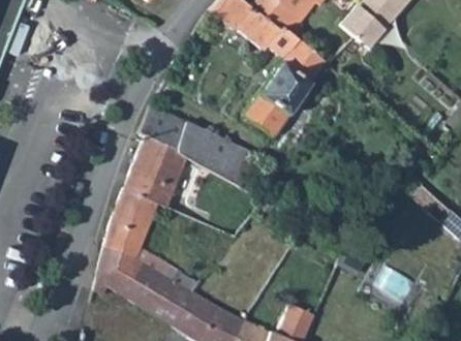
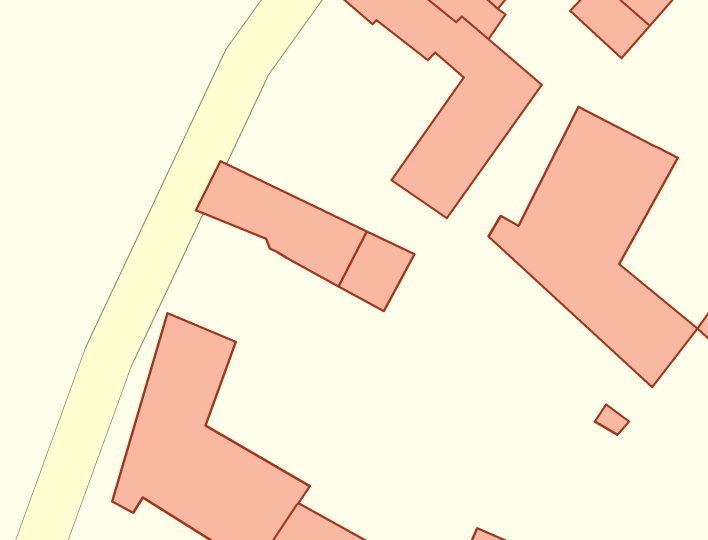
building: none -> [488,107,697,387]
building: [123,132,183,205] -> none

